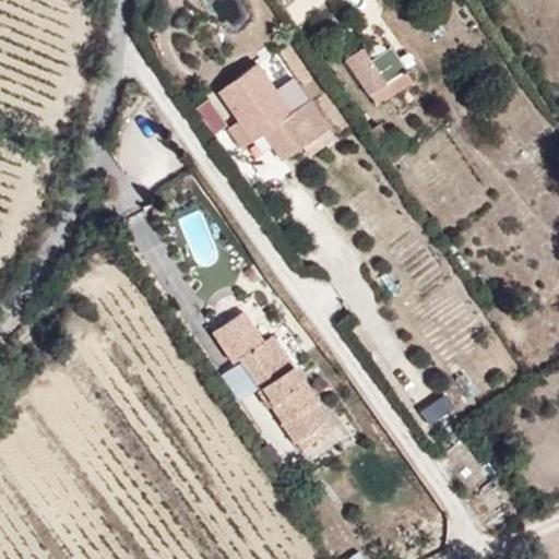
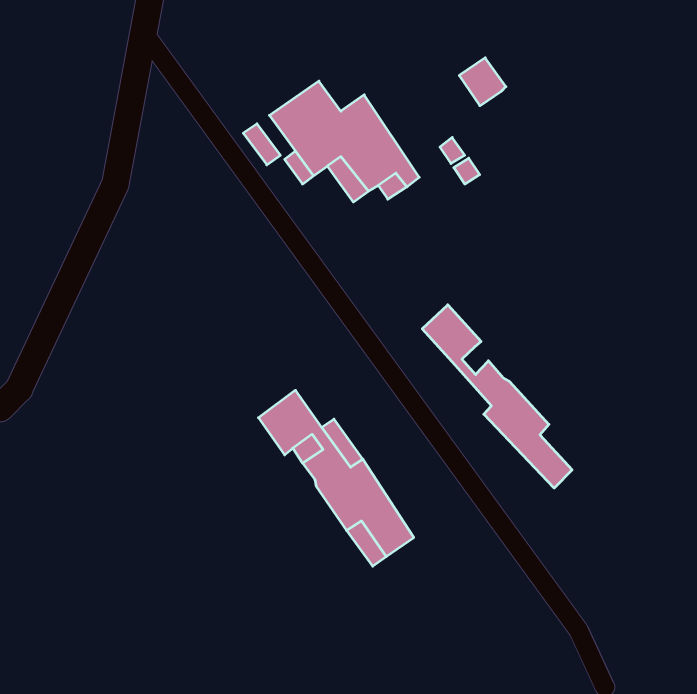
building: [343,49,411,107] -> none
building: none -> [422,305,572,488]

